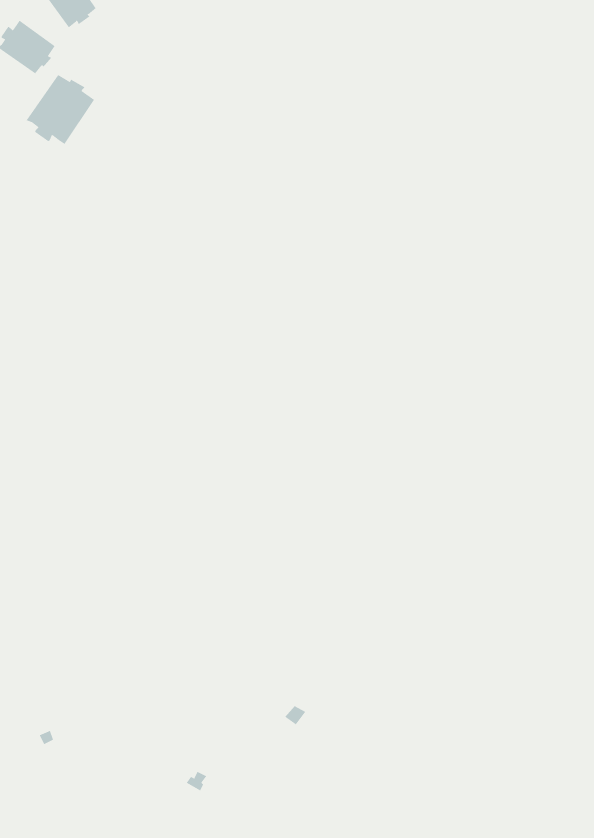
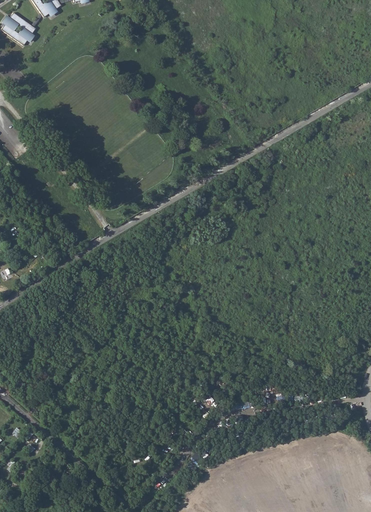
building: [26,74,95,145] -> none

